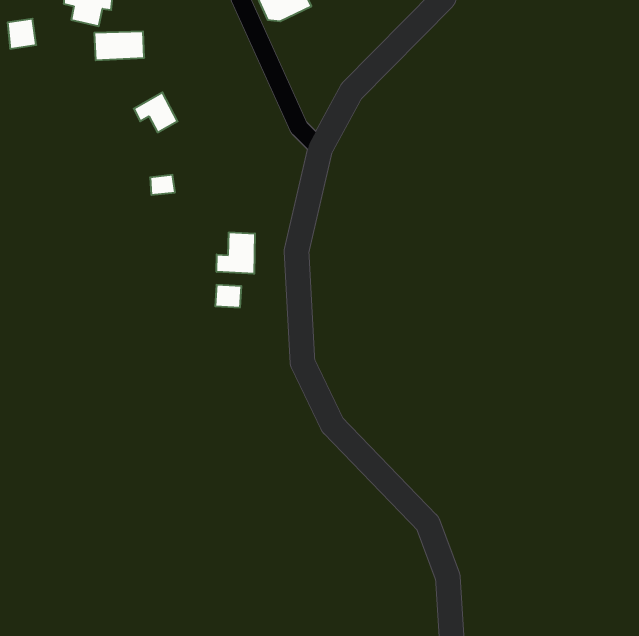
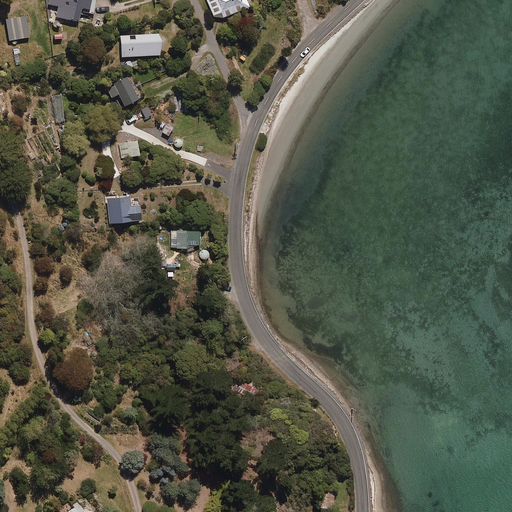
building: [94,31,144,60] -> [121,33,161,56]
building: [217,232,255,274] -> none
building: none -> [108,197,142,224]

